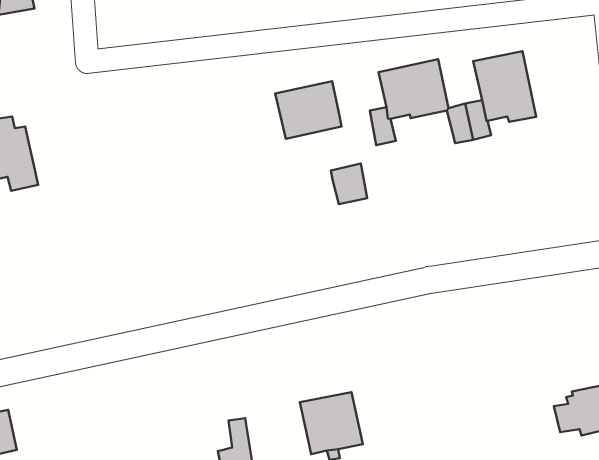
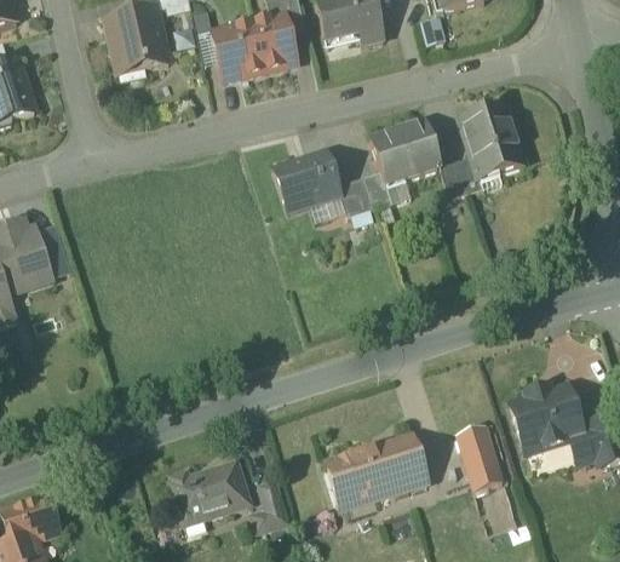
building: [331,163,367,204] -> [338,176,375,217]
building: none -> [511,385,584,455]
building: none -> [458,425,503,489]
building: none -> [375,435,427,495]
building: none -> [171,463,251,520]

